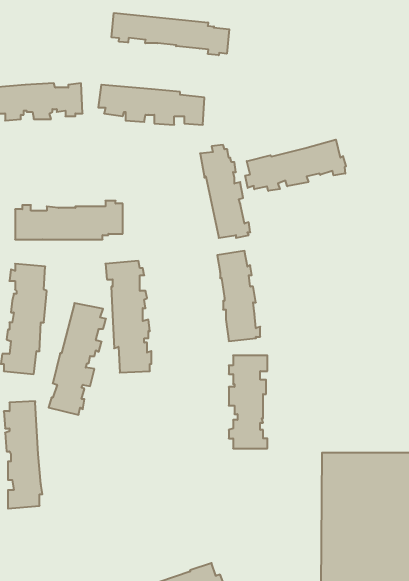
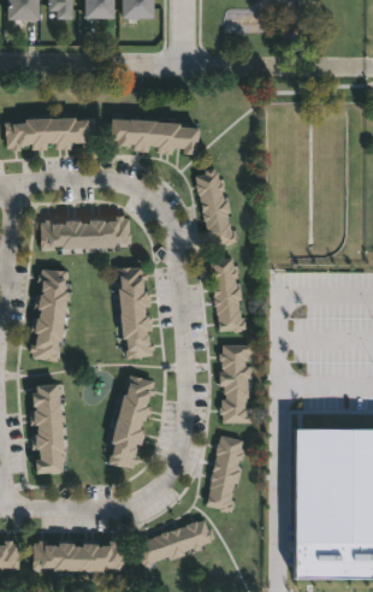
building: [112,13,229,55] -> none
building: [245,140,346,191] -> none
building: [49,303,106,415] -> [108,375,156,469]
building: none -> [207,436,244,513]

